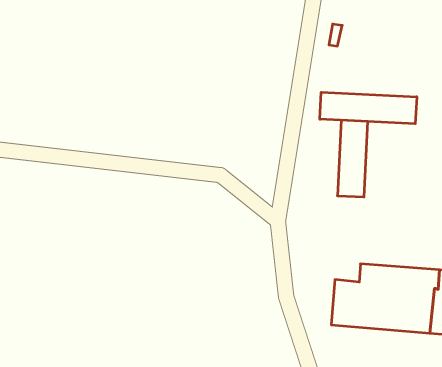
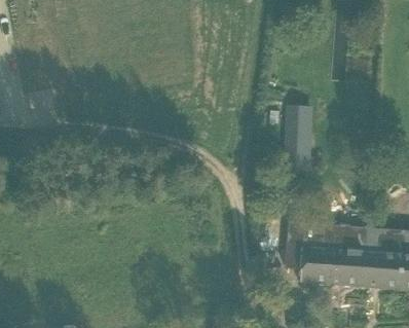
building: [320,92,417,124] -> none

